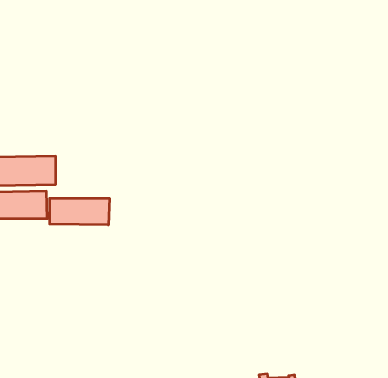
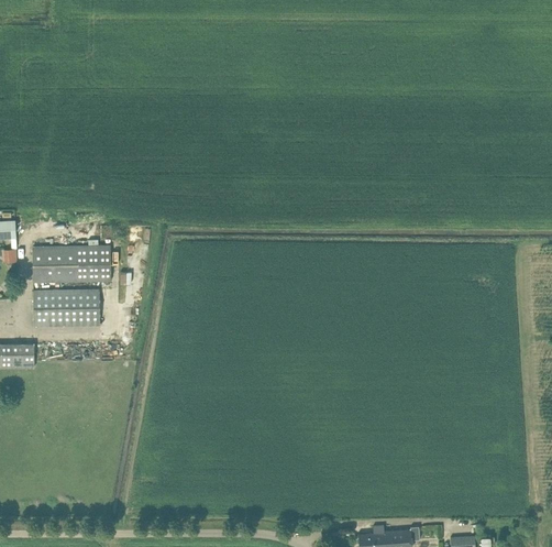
building: [50,198,109,225] -> none

